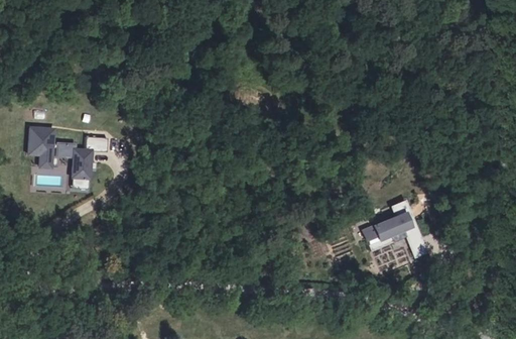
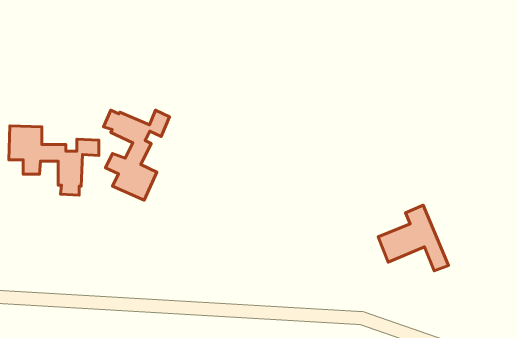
building: none -> [104,110,170,200]

